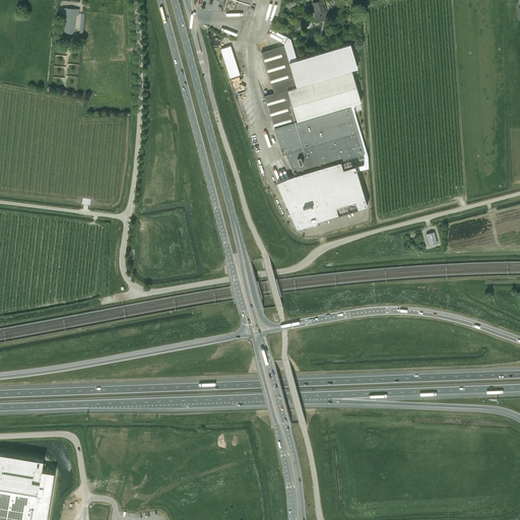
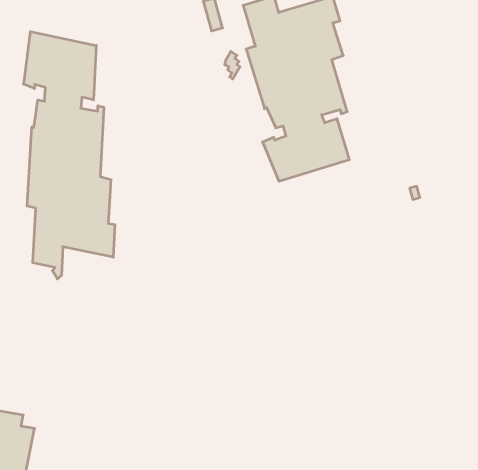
building: none -> [24,32,115,279]

